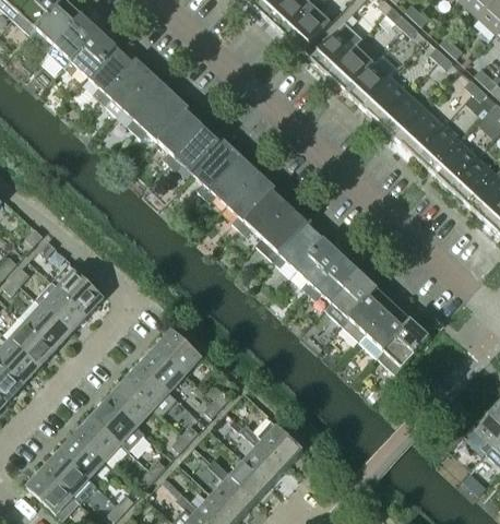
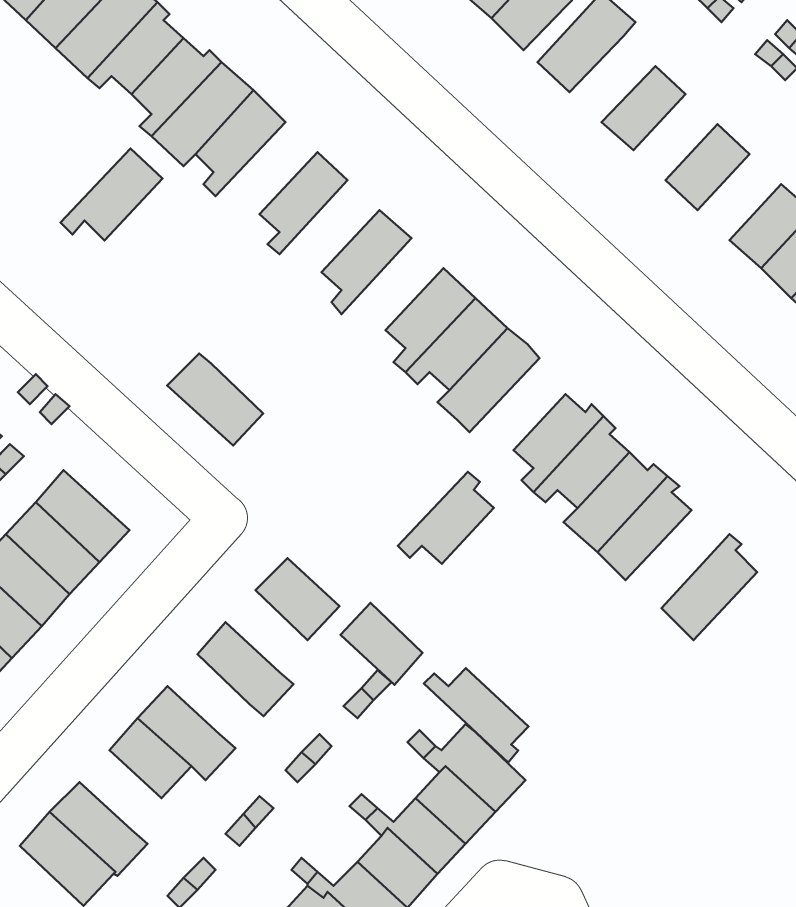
building: [326,36,378,91] -> none
building: [361,75,407,122] -> none
building: [133,91,189,141] -> [60,149,162,241]
building: [396,108,442,155] -> none
building: [168,122,223,172] -> none
building: [202,154,258,204] -> none
building: [272,219,324,270] -> [398,472,494,564]
building: [50,263,103,313] -> [167,353,263,445]
building: [357,302,414,357] -> none
building: [139,346,183,391] -> [341,603,423,685]
building: [107,381,152,425] -> none
building: none -> [424,668,528,763]
building: [59,433,104,477] -> none

